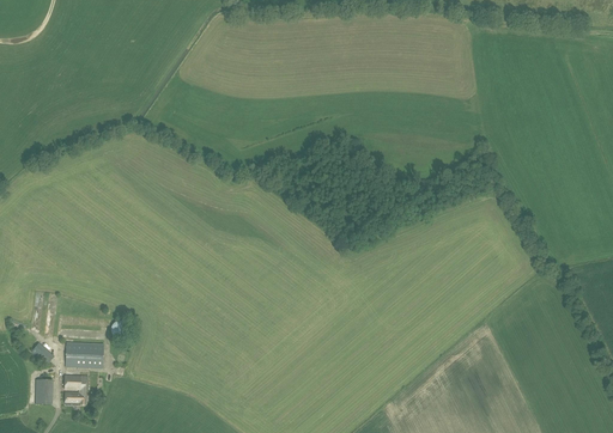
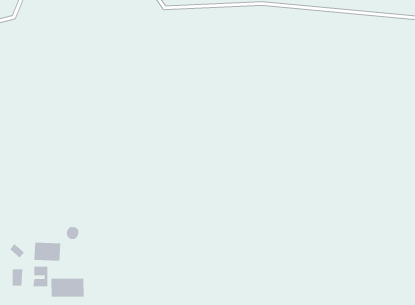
building: none -> [51,278,84,297]

